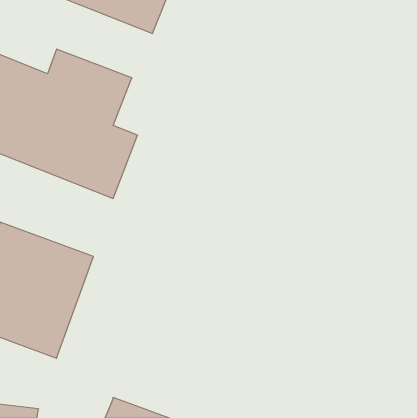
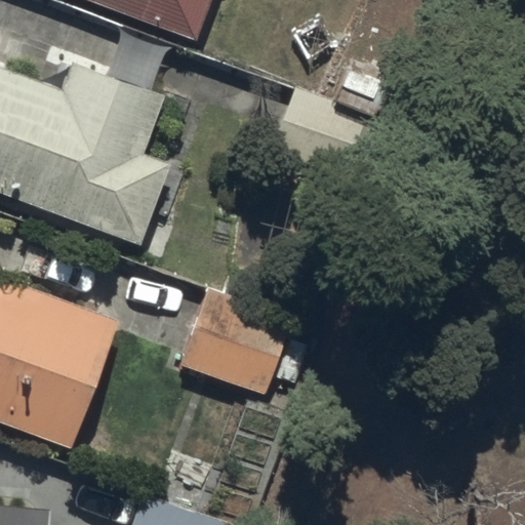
building: none -> [178,290,309,396]

